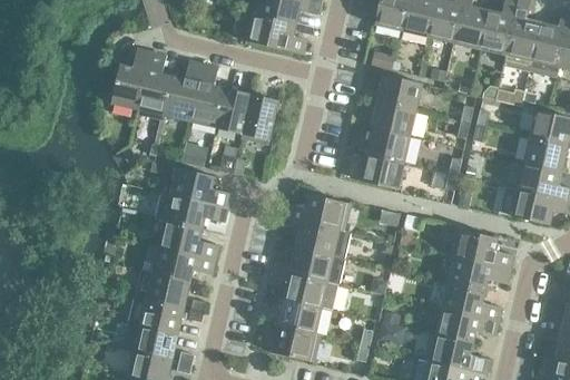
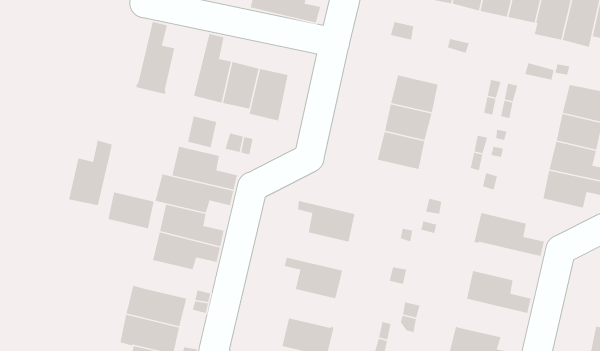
building: [111,47,153,108] -> [68,139,113,206]
building: [165,59,205,120] -> none
building: [379,74,423,109] -> none
building: [287,193,351,231] -> none
building: [276,246,334,281] -> none
building: [448,255,511,290] -> none
building: [147,272,190,306] -> [107,192,154,229]
building: [278,299,322,333] -> none
building: [435,308,499,342] -> none

